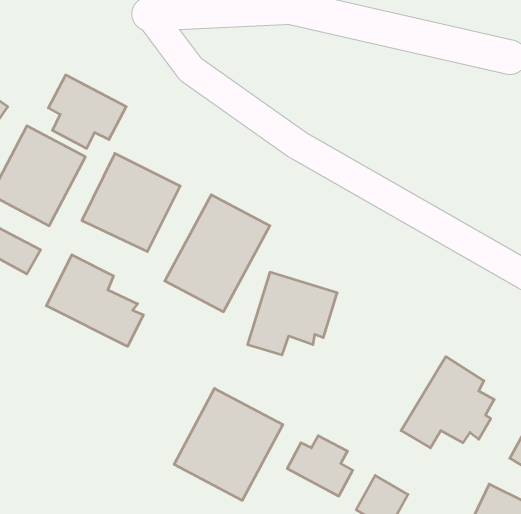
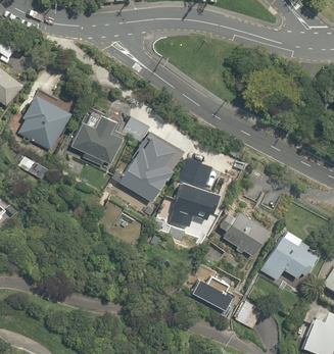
building: [48,75,126,148] -> none
building: [46,255,143,346] -> none
building: none -> [216,206,270,258]
building: [174,388,283,500] -> none

